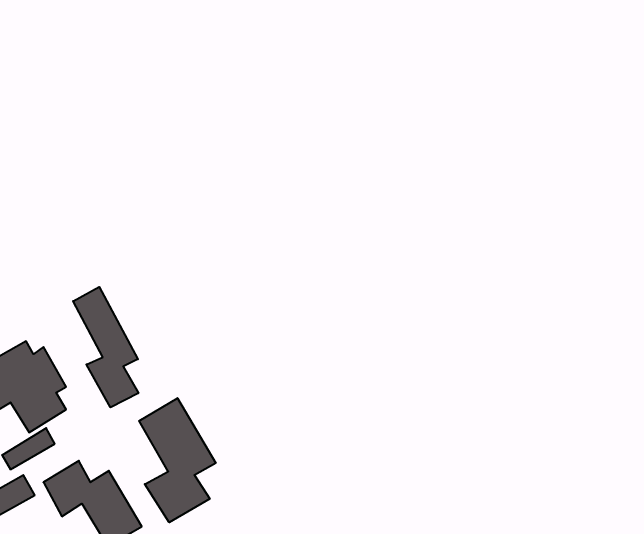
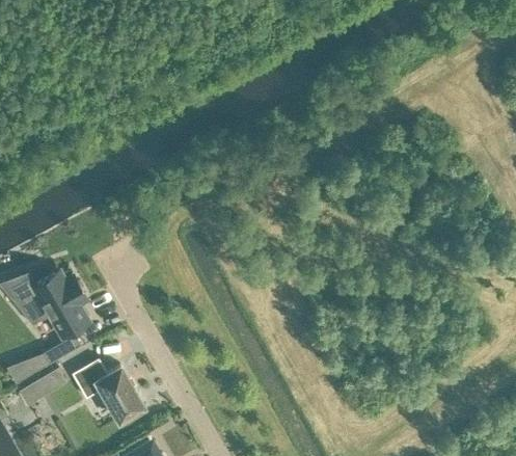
building: [73,287,138,407] -> none
building: [139,398,216,522] -> none

